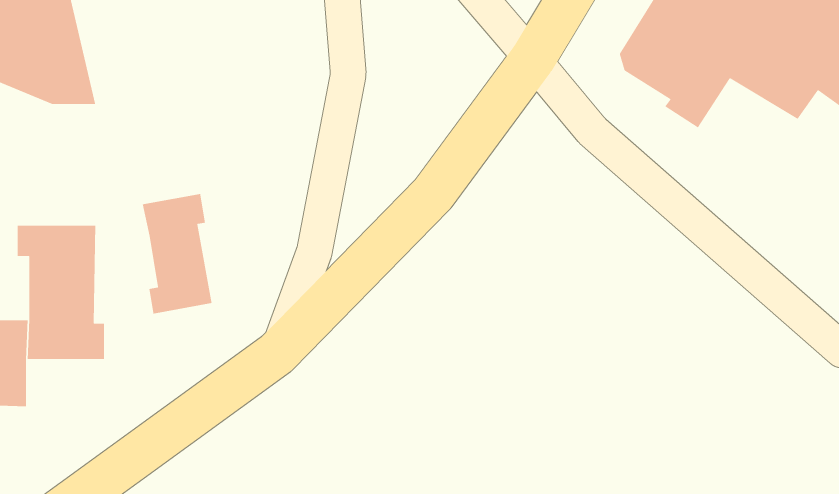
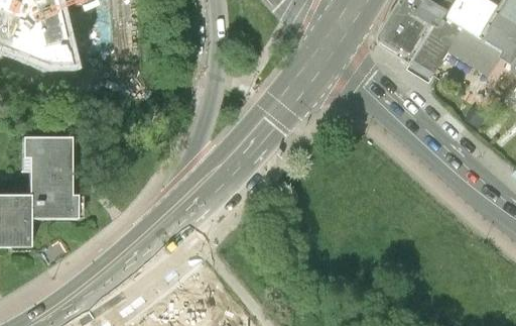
building: [142,193,213,314] -> none

